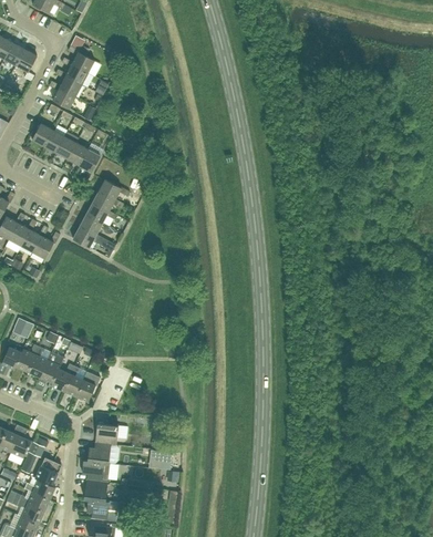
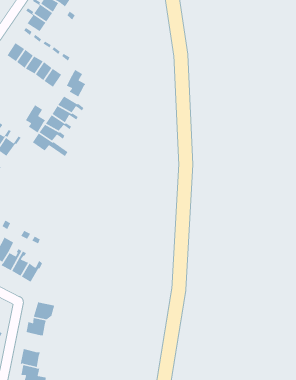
building: none -> [66,69,86,98]
building: none -> [25,104,46,133]
building: [82,459,110,482] -> none

